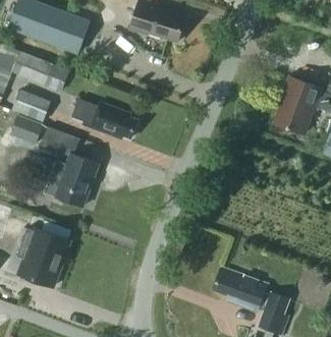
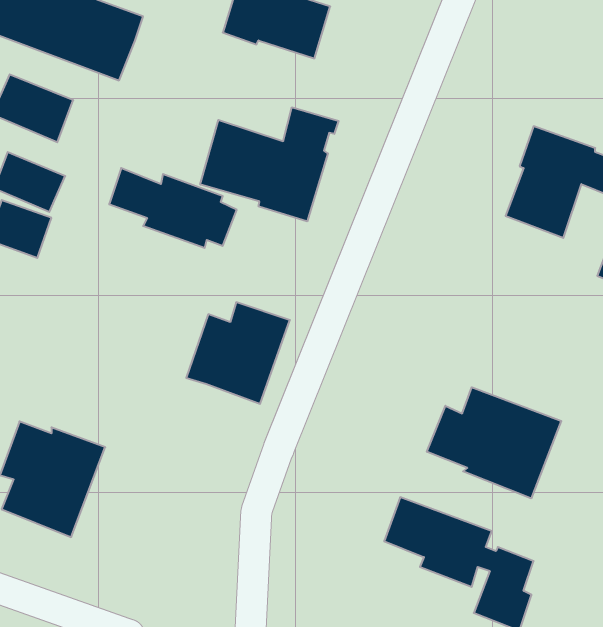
building: none -> [200,107,339,221]
building: [41,127,79,155] -> none
building: [45,154,98,206] -> [186,302,290,404]
building: none -> [427,387,561,498]

